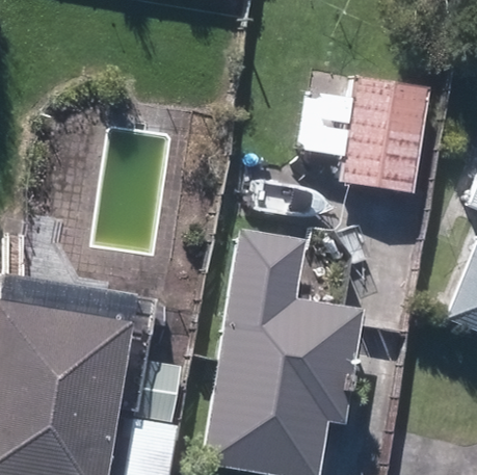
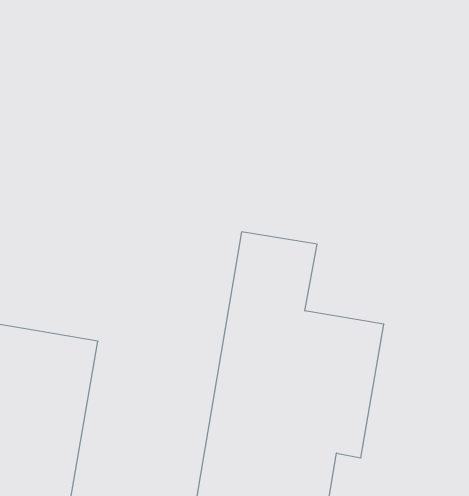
building: [342,78,428,191] -> none

